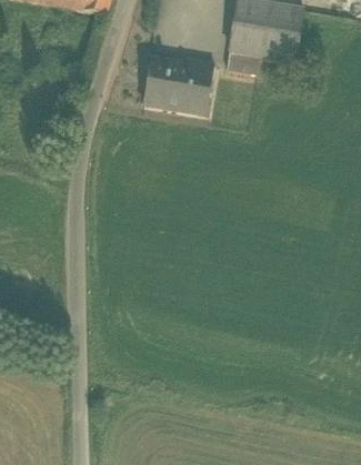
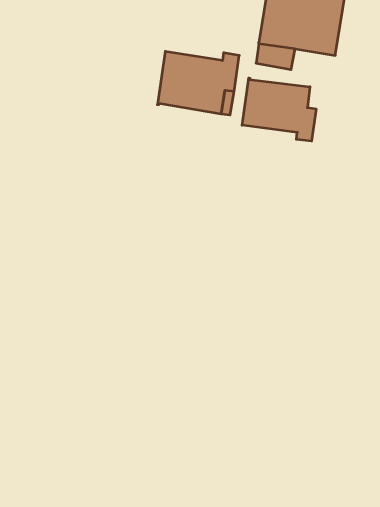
building: none -> [242,78,316,141]

